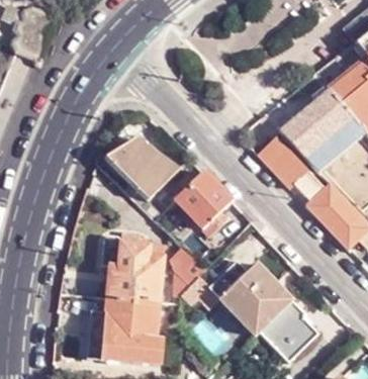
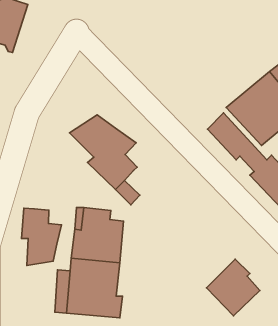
building: [176,171,234,234] -> none
building: none -> [22,208,61,265]
building: [171,249,206,303] -> none
building: [209,260,290,335] -> none

